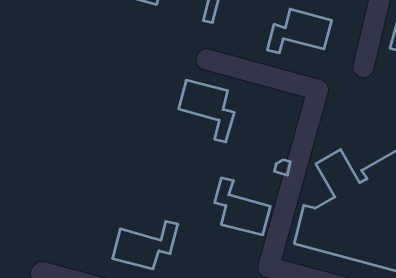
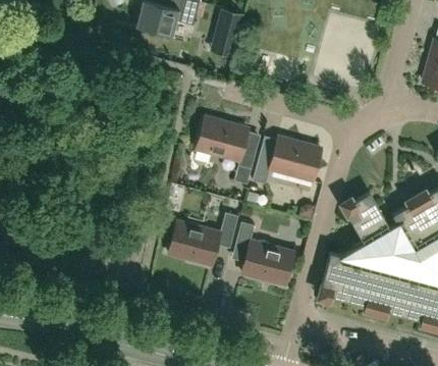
building: [267,9,332,53] -> [253,137,322,184]
building: [112,221,178,269] -> [168,213,238,264]

